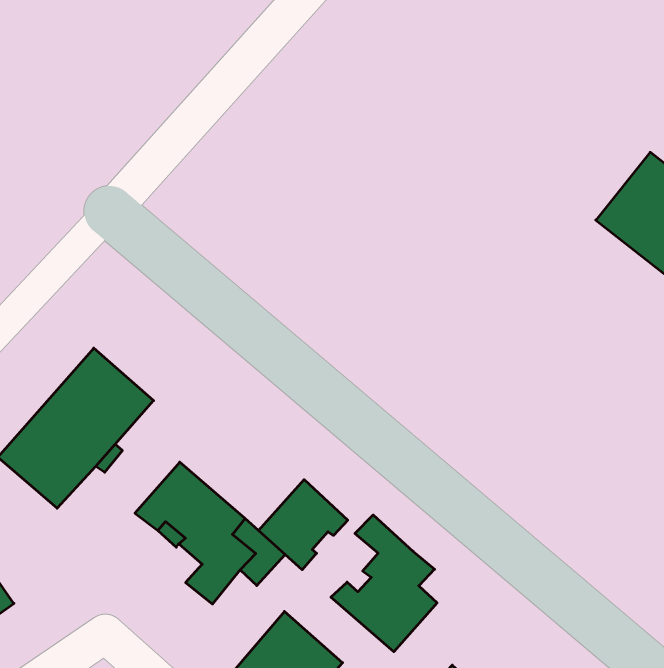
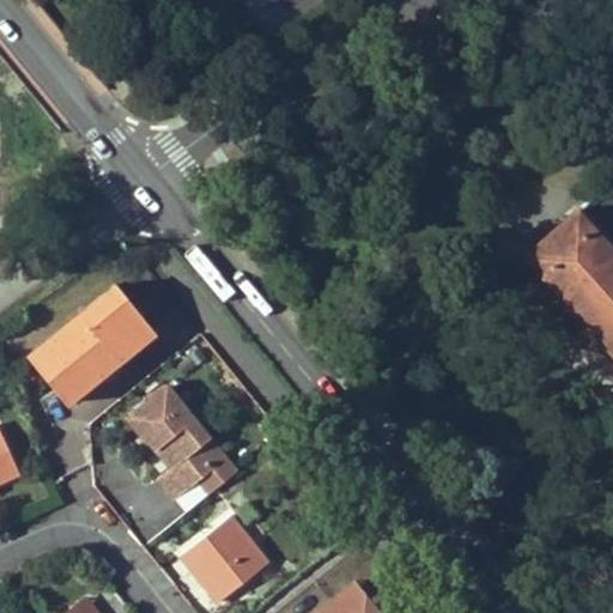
building: [258,480,348,570] -> none
building: [331,515,437,652] -> none

